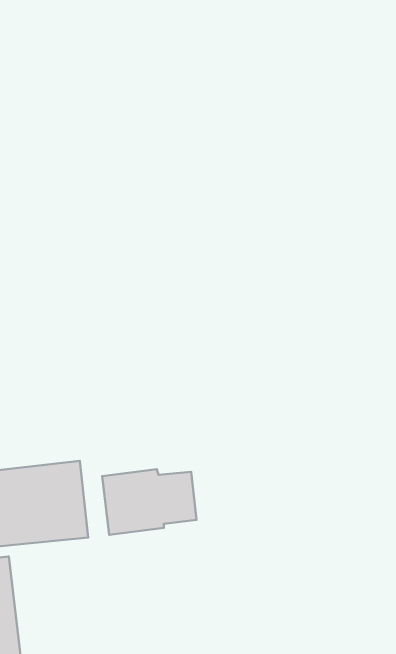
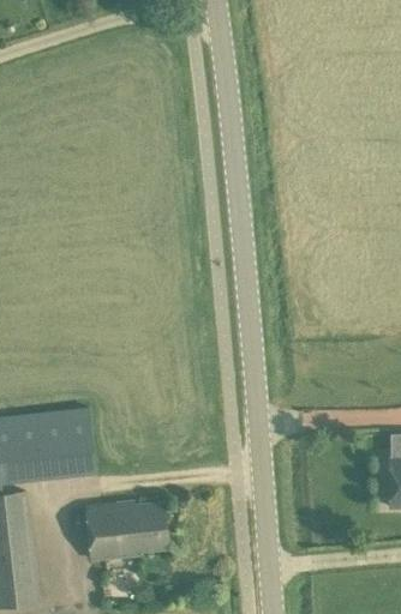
building: [102,469,197,535] -> [85,502,168,560]

